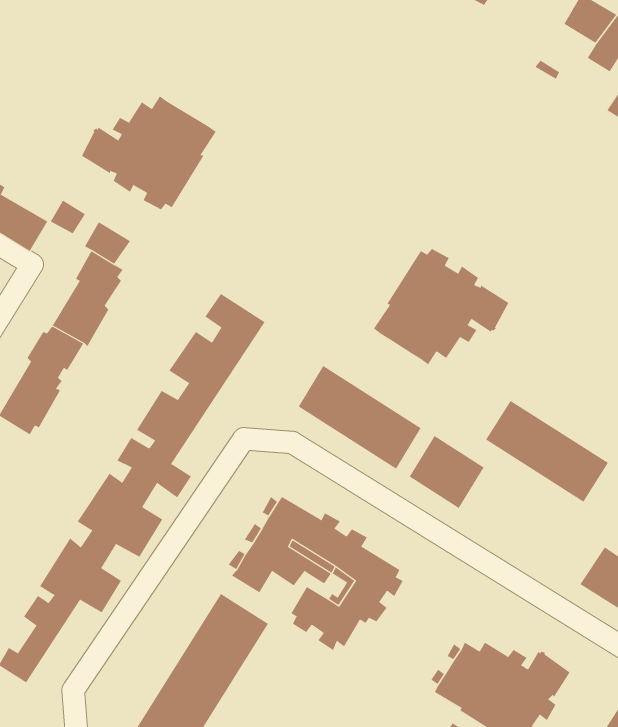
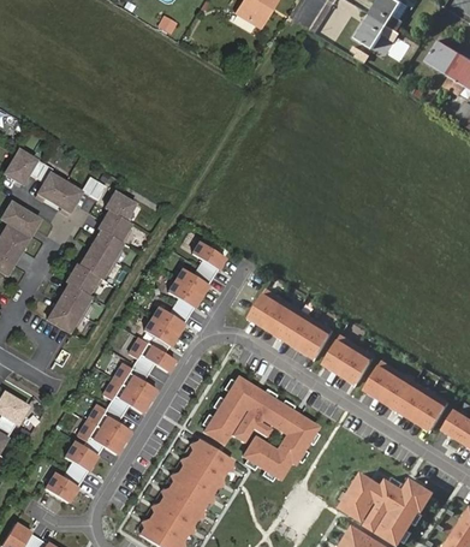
building: [81,95,217,210] -> none
building: [373,248,509,365] -> none
building: [485,400,609,502] -> [364,361,447,429]

